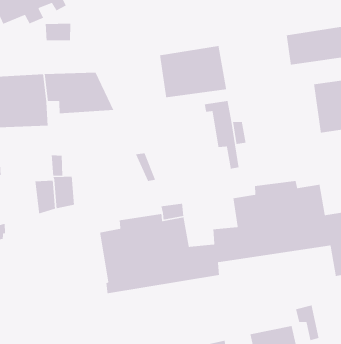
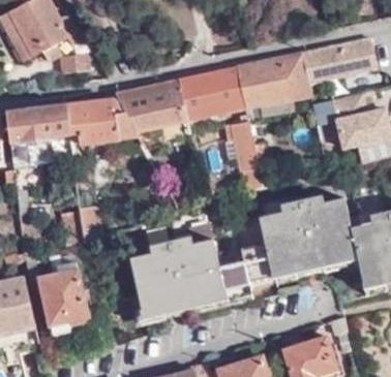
building: none -> [236,52,309,108]
building: none -> [113,80,188,144]
building: none -> [39,250,88,331]

